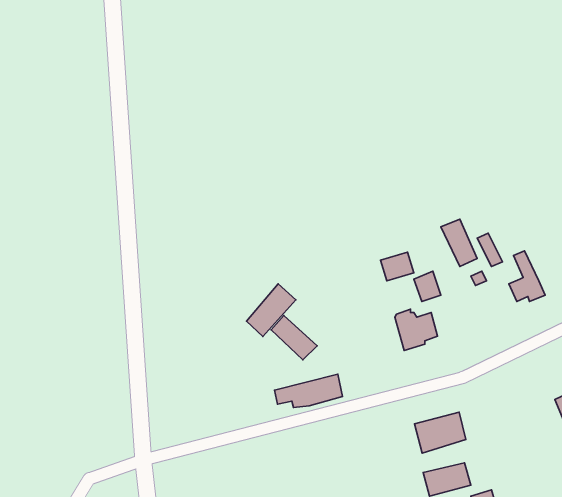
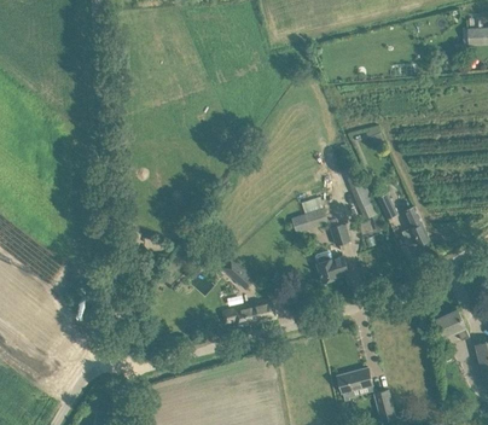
building: [246,284,296,337] -> none
building: [414,412,466,453] -> none

